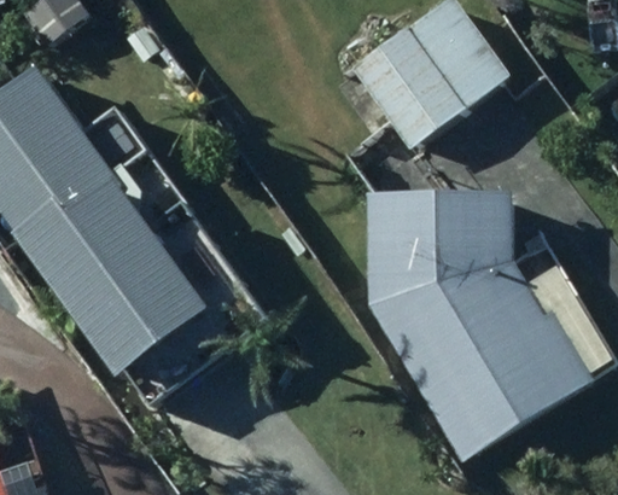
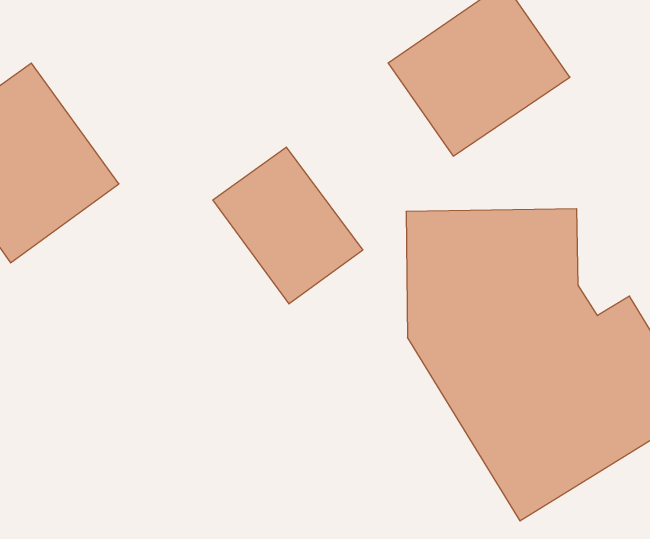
building: none -> [213,147,363,304]
building: [19,162,215,377] -> none

